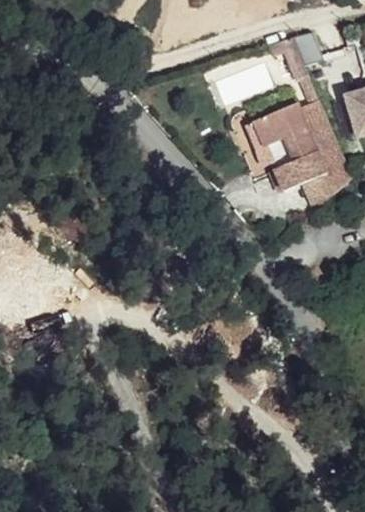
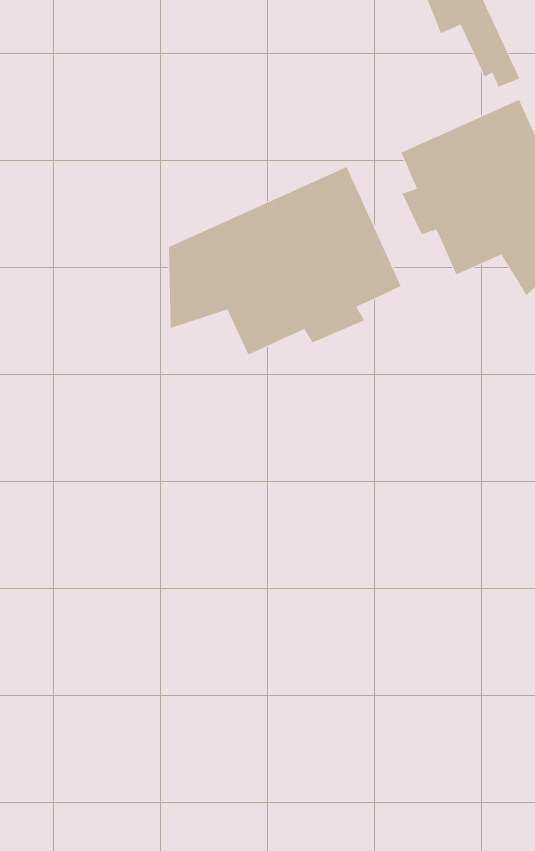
building: none -> [168,166,401,356]

